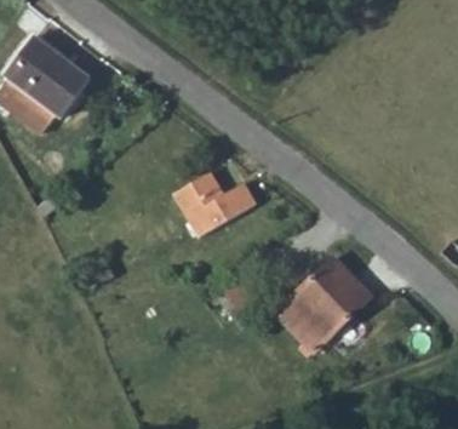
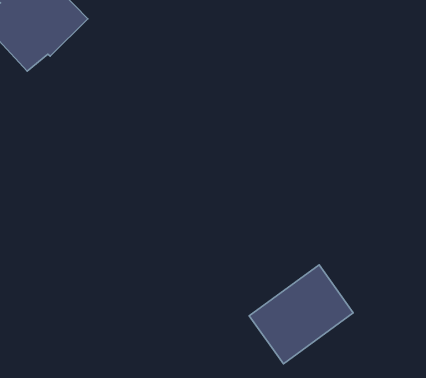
building: [176,170,254,235] -> none

